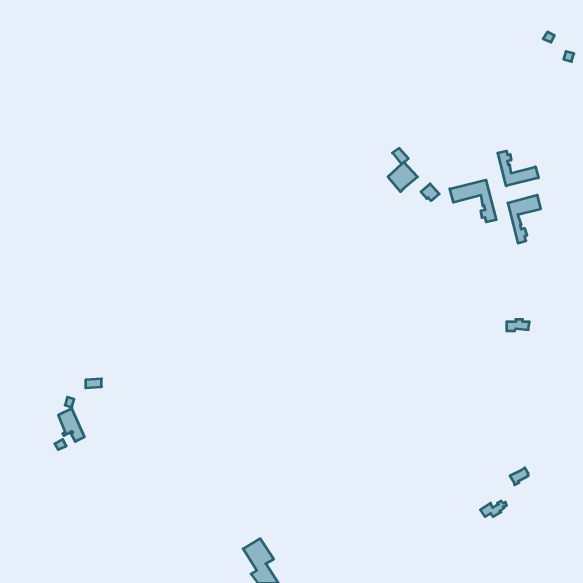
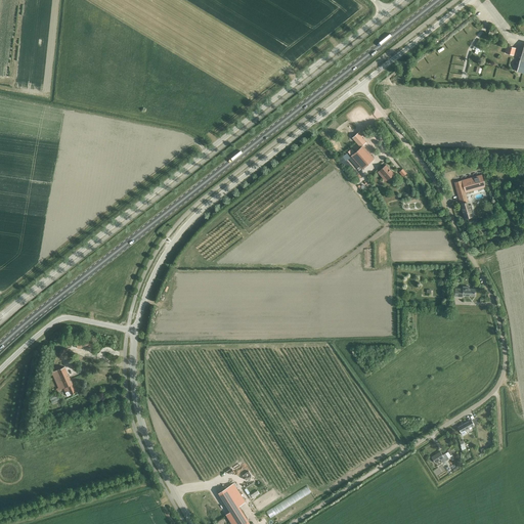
building: [498,151,538,186] -> none
building: [450,180,496,222] -> none

